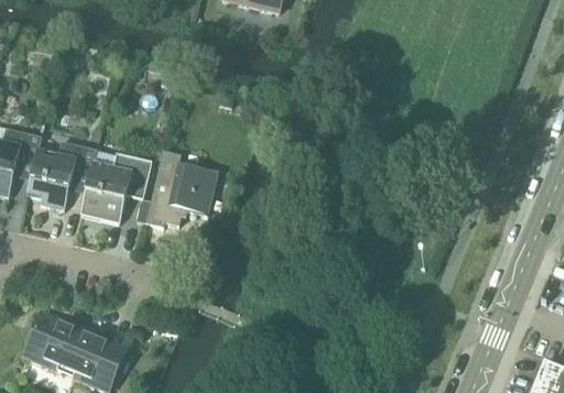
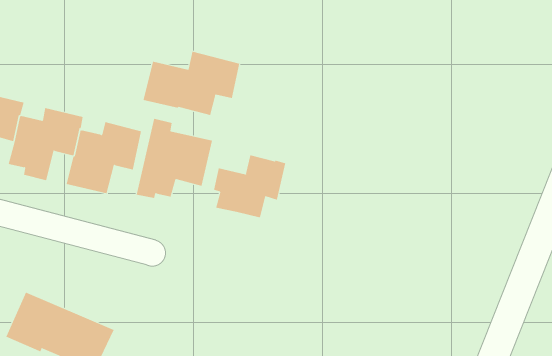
building: none -> [143,51,240,116]
building: none -> [213,155,286,218]

